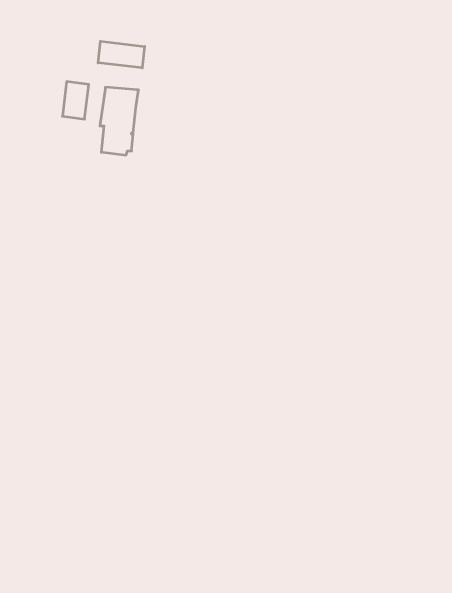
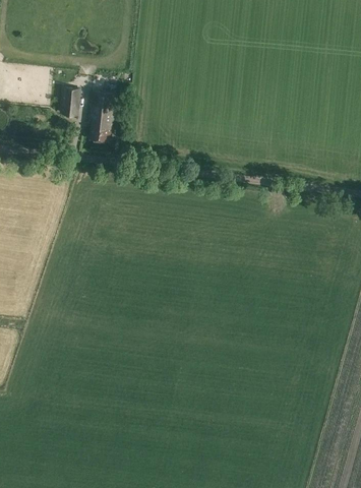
building: [98,41,145,68] -> none

